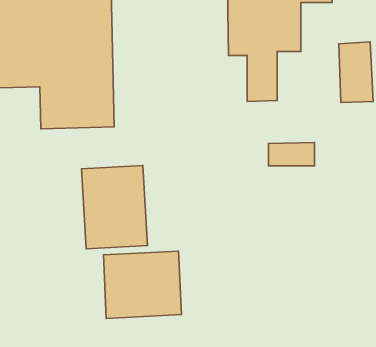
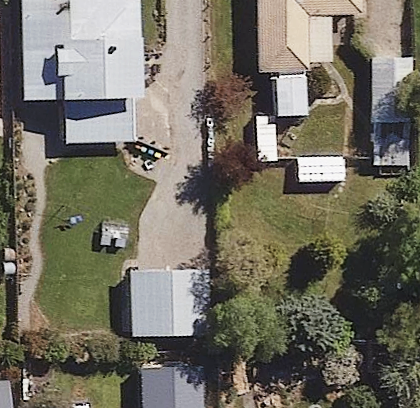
building: [82,166,147,249] -> none

